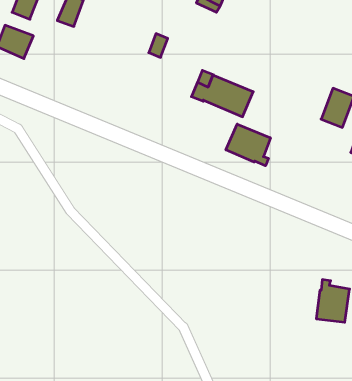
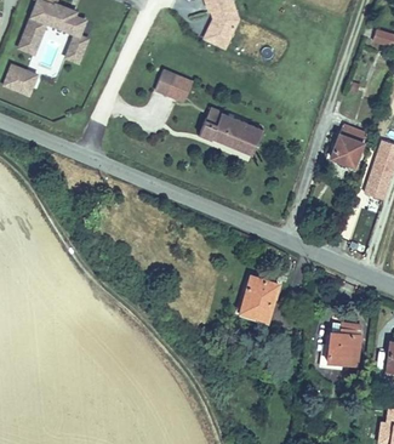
building: [226,124,270,166] -> none
building: none -> [240,277,279,320]

